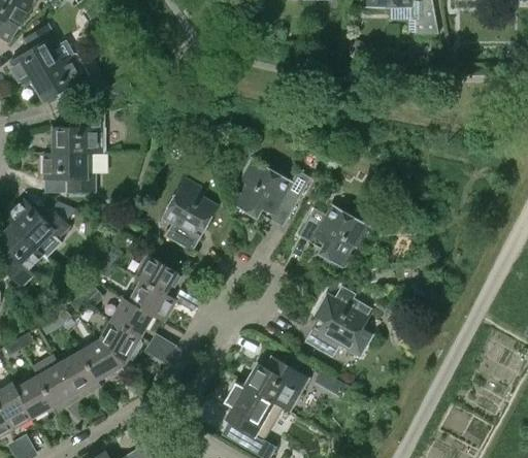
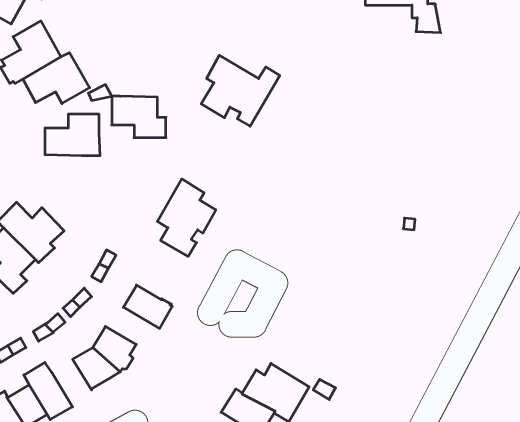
building: [44,153,97,193] -> [112,96,166,138]
building: [235,158,311,227] -> [201,55,280,126]
building: [298,204,372,267] -> none
building: [136,255,182,294] -> none
building: [305,292,374,357] -> none
building: [111,298,154,337] -> none
building: [144,331,178,363] -> none
building: [59,352,101,398] -> none

